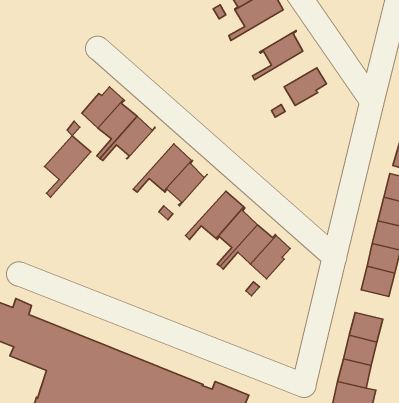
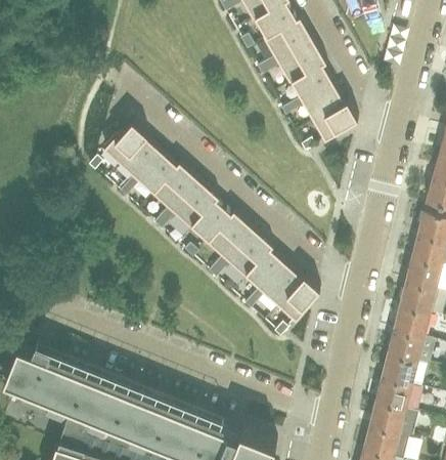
building: none -> [259,43,326,87]
building: none -> [283,86,348,123]
building: [44,136,91,197] -> [151,166,199,229]
building: none -> [206,214,254,278]
building: none -> [388,334,422,365]

